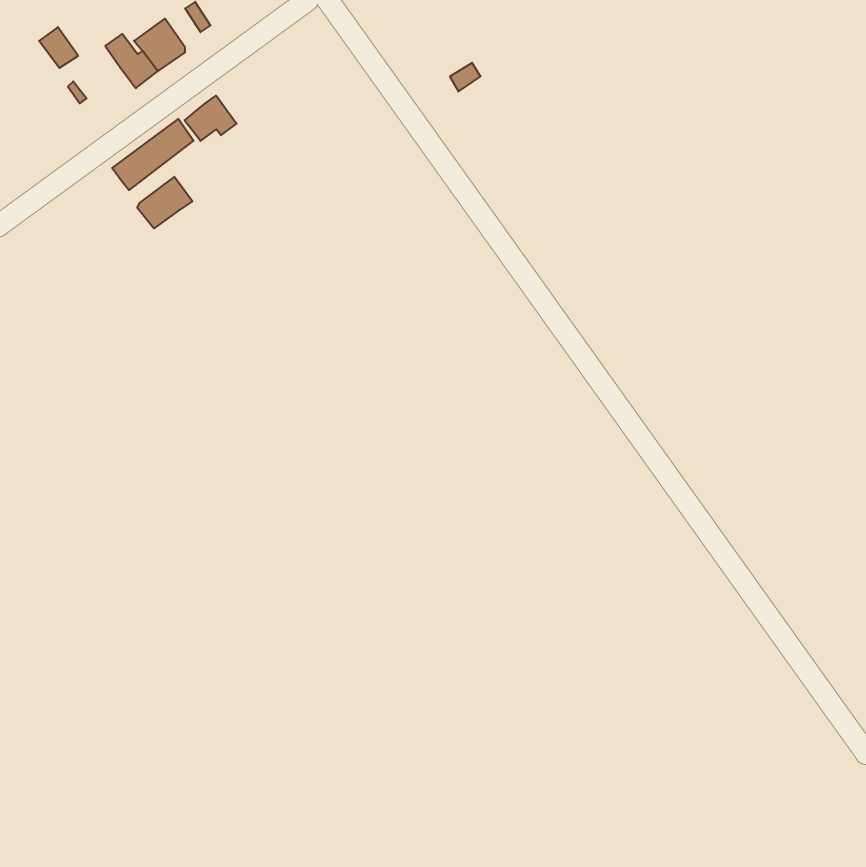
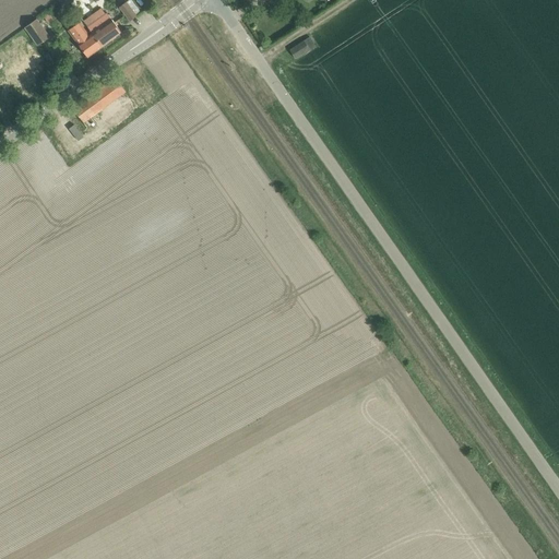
building: [185,96,237,141] -> none
building: [137,177,192,228] -> none

